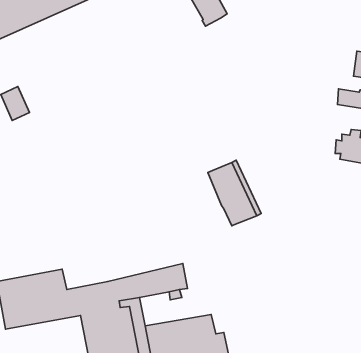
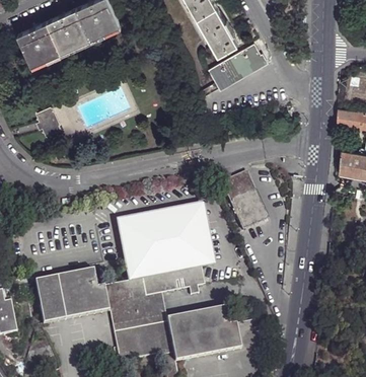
building: none -> [209,42,265,85]
building: none -> [122,208,208,279]

